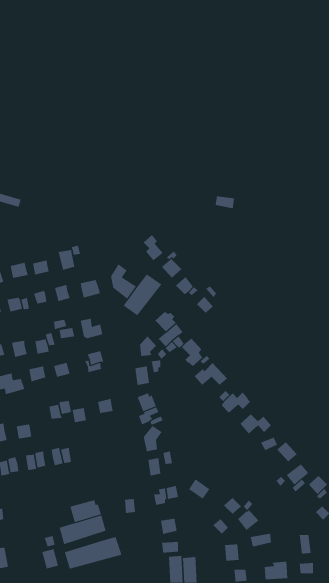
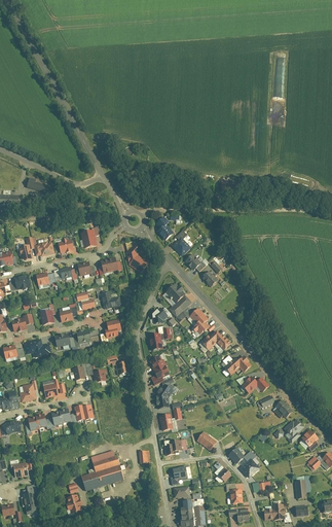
building: [123,273,162,316] -> none
building: [64,536,122,570] -> none

